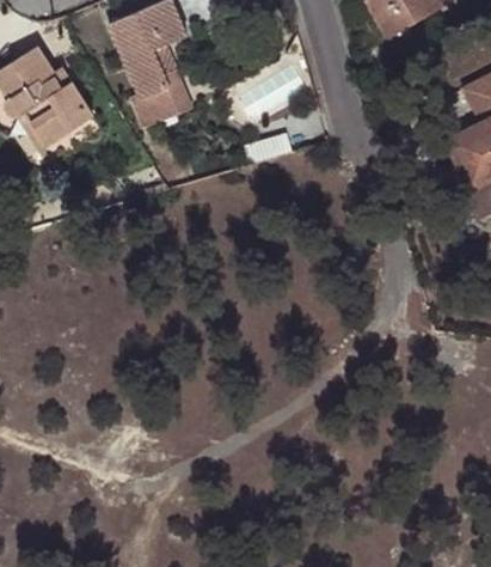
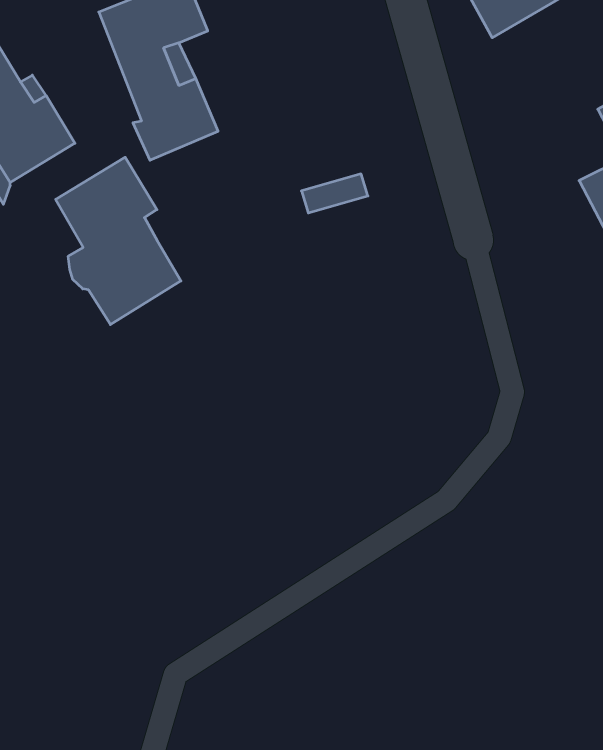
building: none -> [56,157,181,325]

